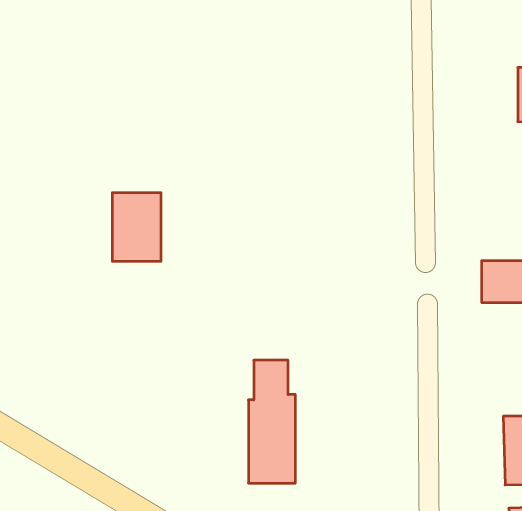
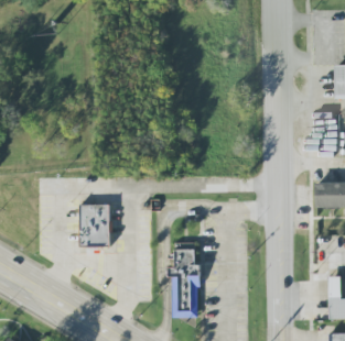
building: [112,193,161,261] -> [78,206,108,248]

